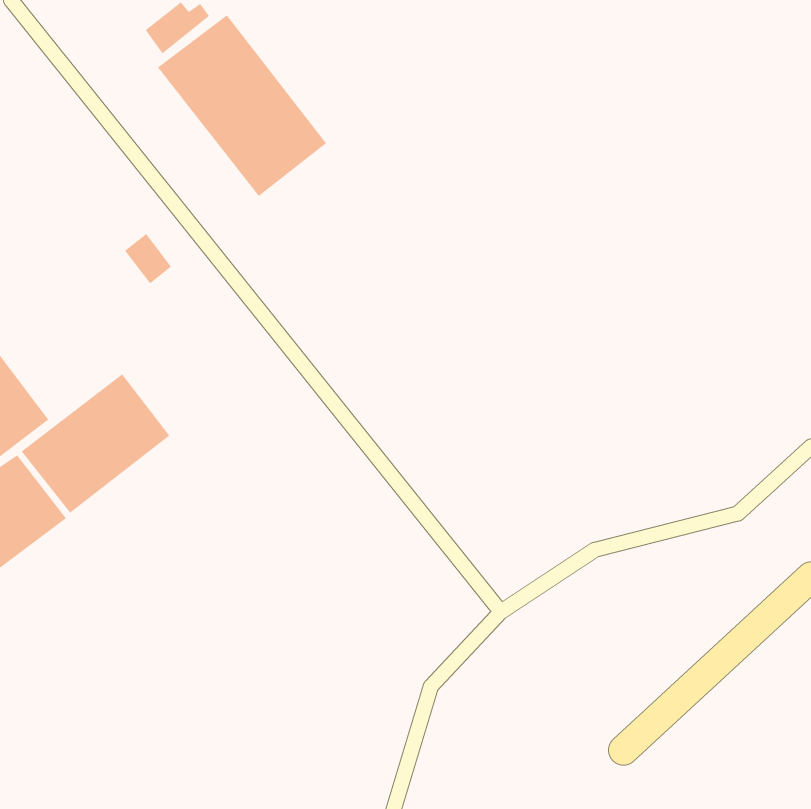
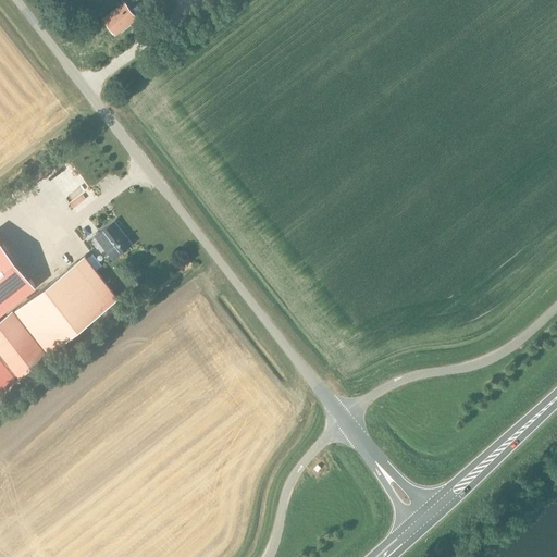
building: [157,15,327,197] -> none
building: [124,233,172,284] -> [98,223,131,258]

